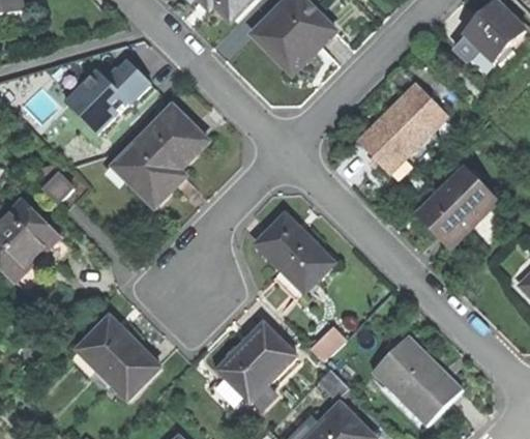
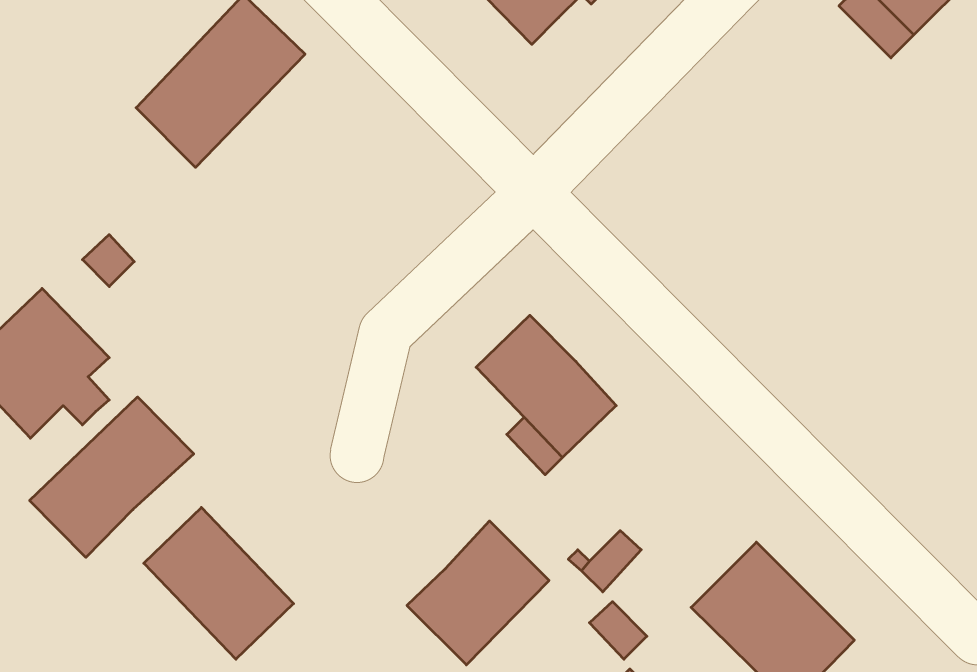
building: [357,83,446,172] -> none
building: [114,107,207,204] -> none
building: [416,167,496,245] -> none
building: none -> [30,397,194,557]

